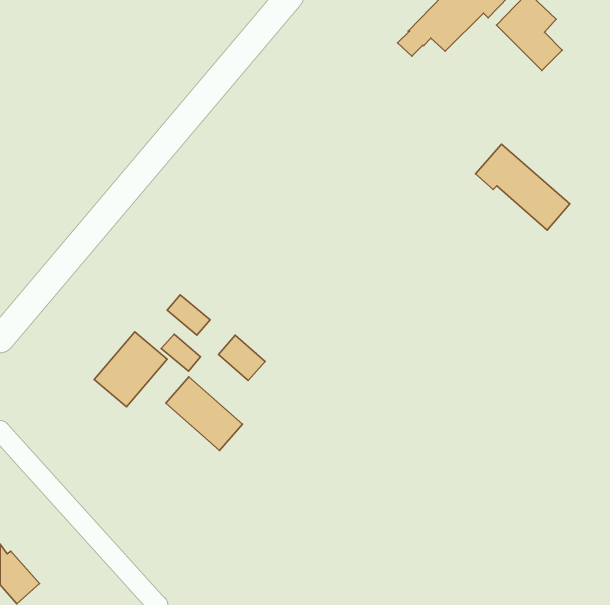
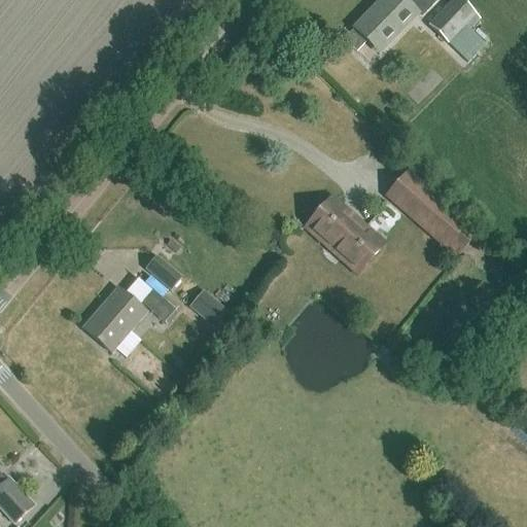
building: [475,144,570,230] -> [385,169,466,243]
building: none -> [304,196,383,273]
building: [166,377,243,450] -> none

